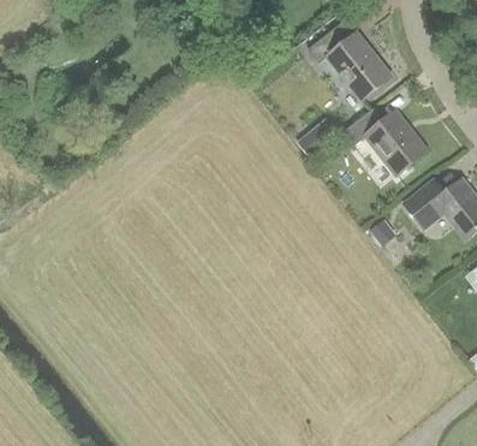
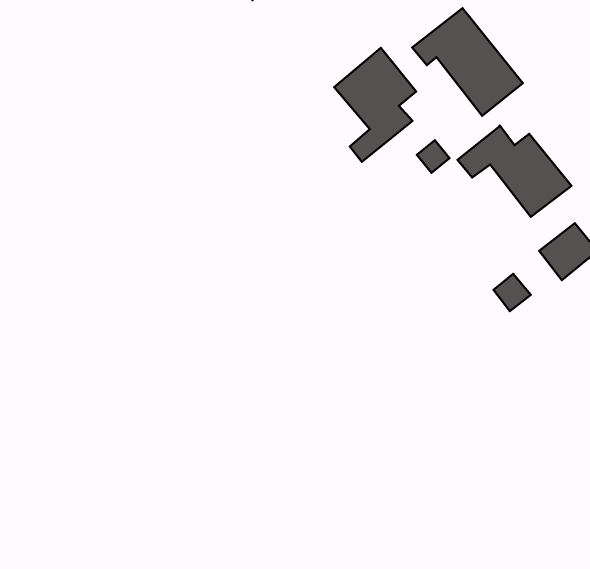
building: none -> [334,48,416,162]

